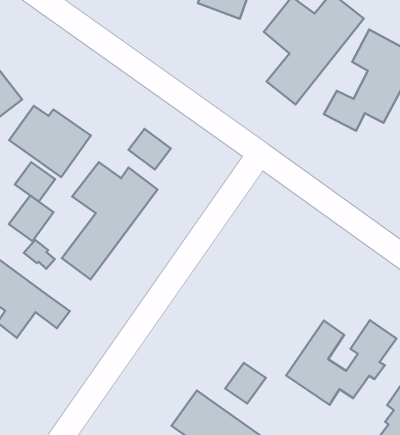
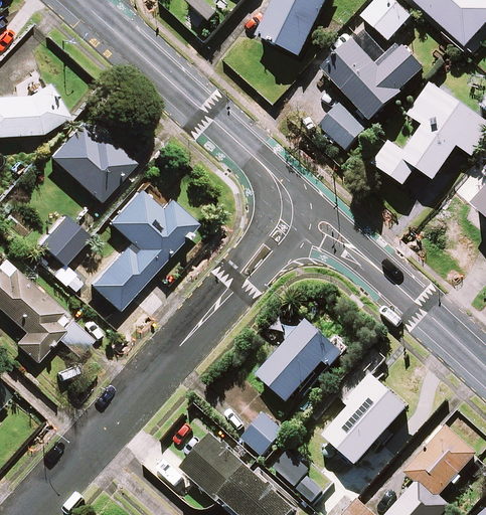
building: [128,129,171,170] -> none
building: [15,162,55,202] -> none
building: none -> [258,317,344,400]

